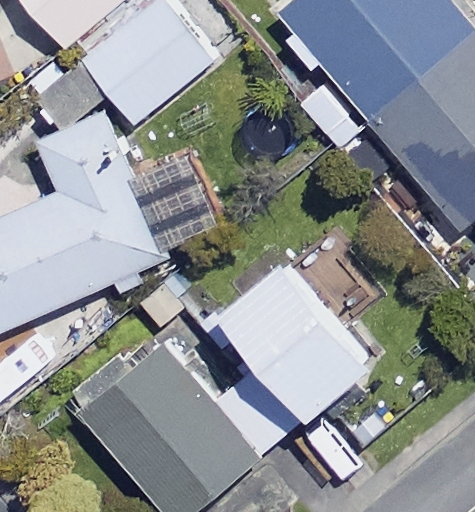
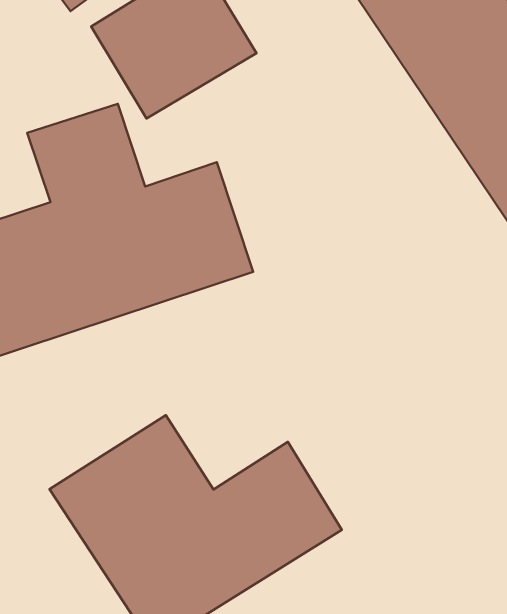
building: [230,260,380,418] -> none

